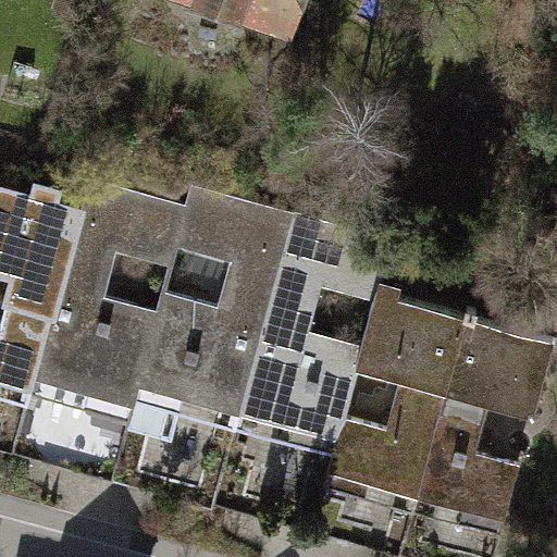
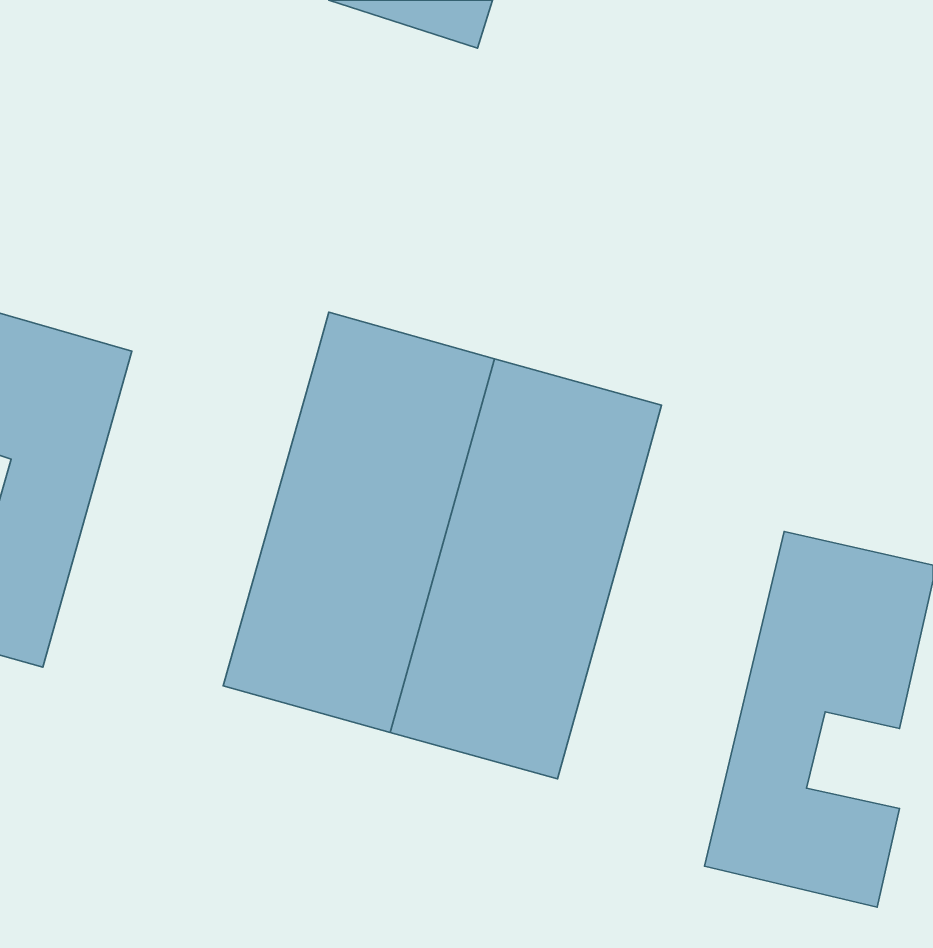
building: [25,183,185,420] -> none
building: [315,289,459,508] -> none

